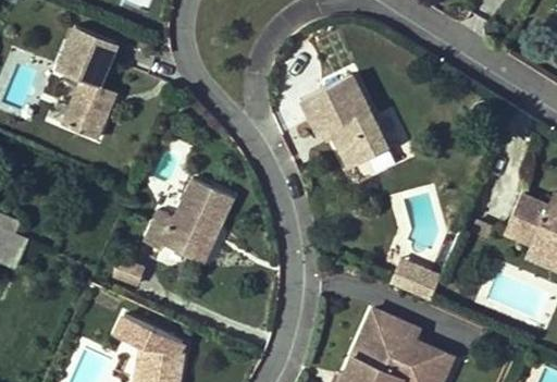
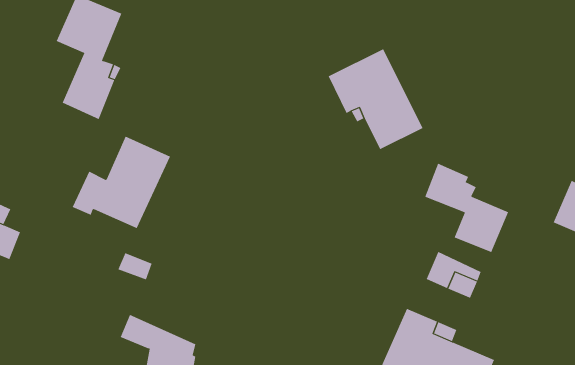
building: none -> [424,163,509,253]
building: [144,178,233,262] -> [72,136,171,229]

